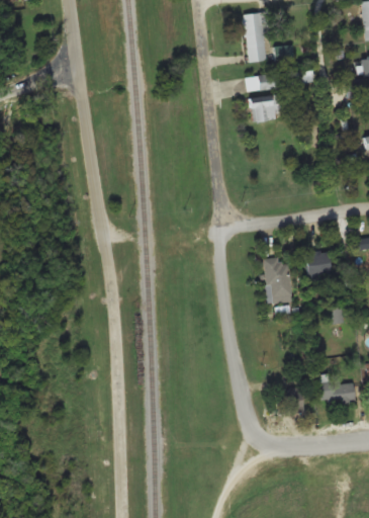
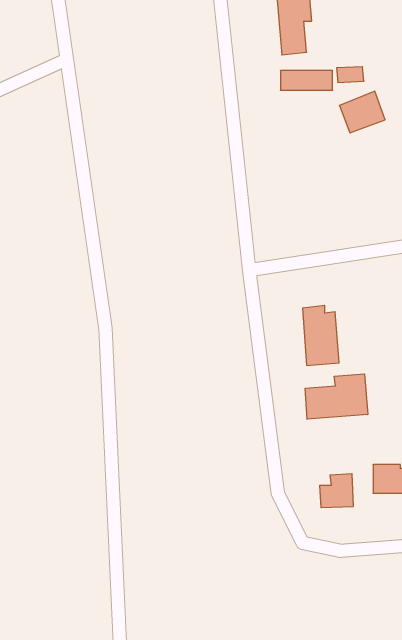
building: [248,92,283,124] -> [339,91,385,133]
building: [306,253,333,275] -> none
building: none -> [305,374,368,419]

